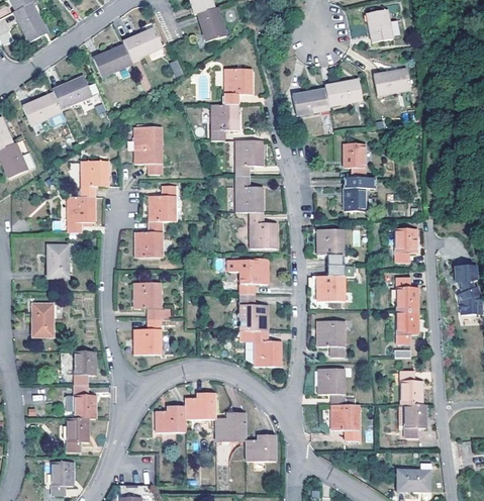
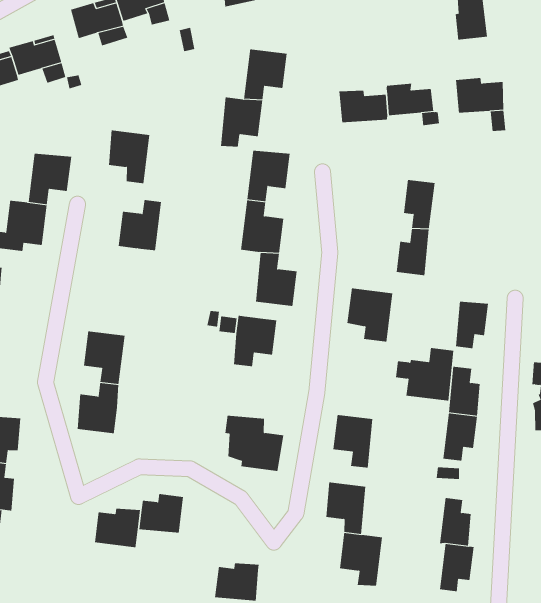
building: [133,220,162,257] -> none
building: [307,265,348,301] -> [395,348,454,401]
building: [239,294,267,330] -> none
building: [216,412,247,439] -> none

